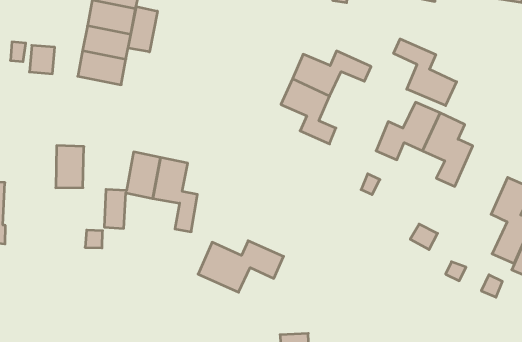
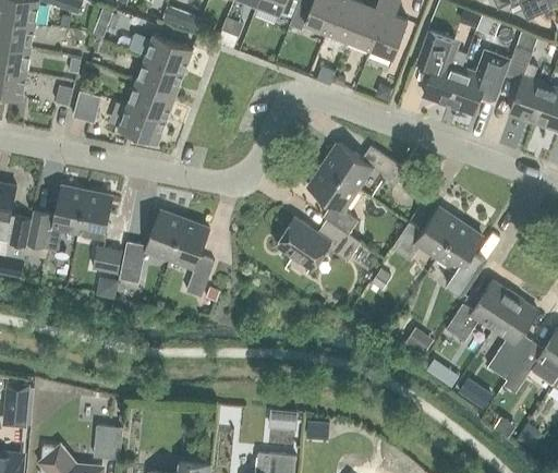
building: [128,6,157,52] -> none
building: [394,39,457,106] -> none
building: none -> [27,186,86,251]
building: none -> [446,281,514,341]
building: none -> [93,246,122,274]
building: [198,241,284,292] -> [276,217,361,269]

